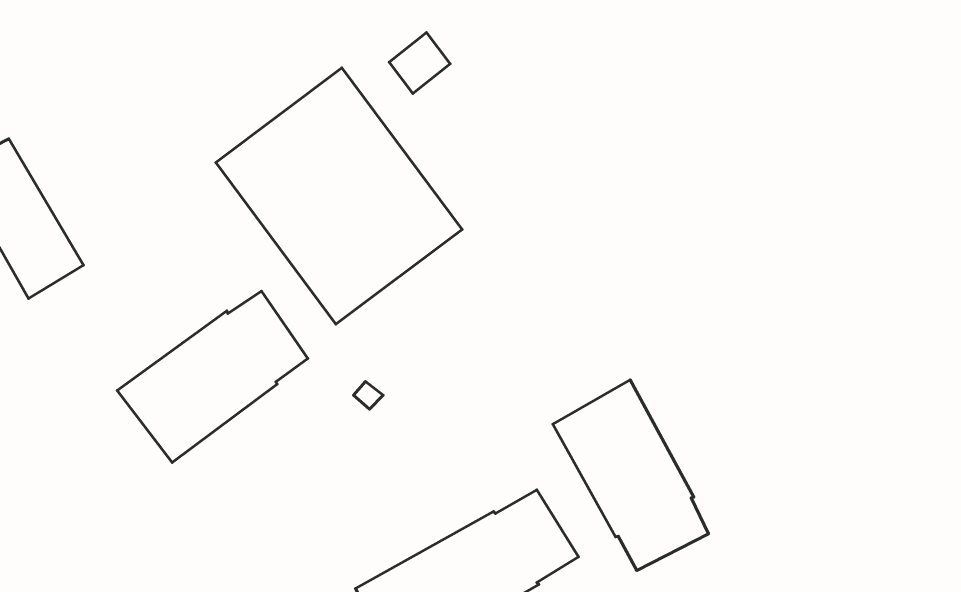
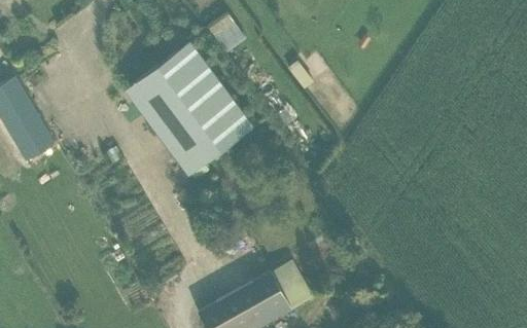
building: [117,291,308,462] -> none
building: [553,380,708,570] -> none

